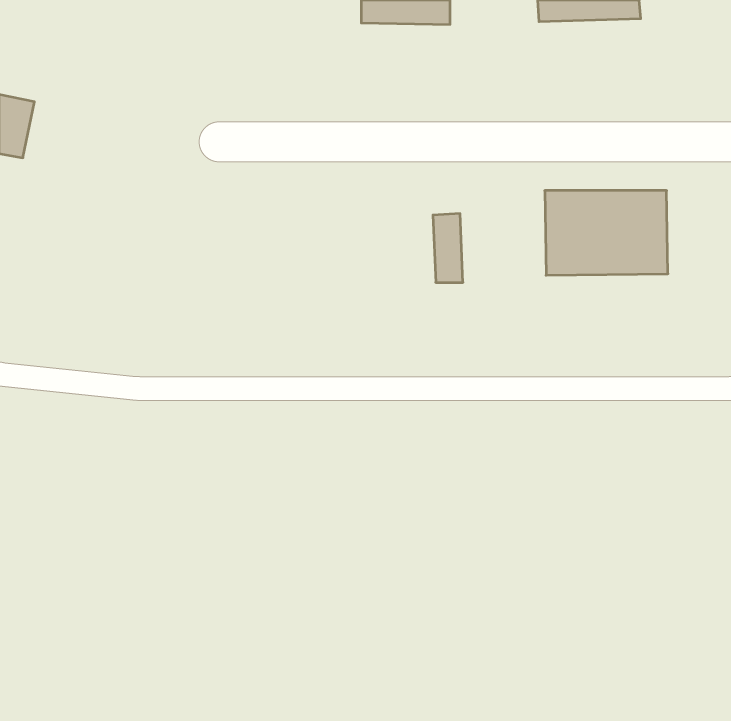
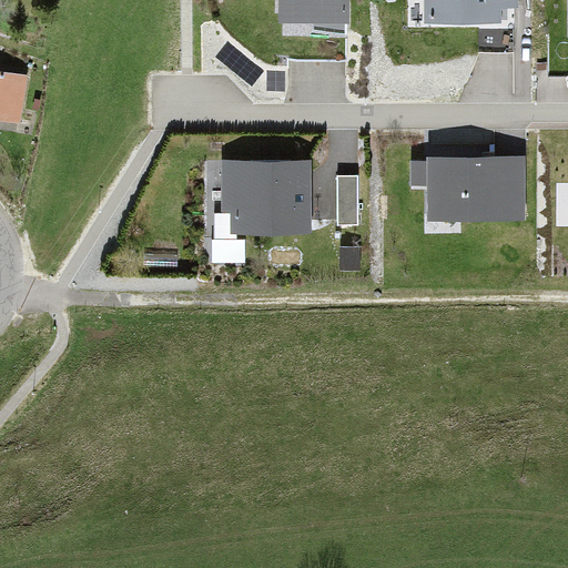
building: none -> [223,161,312,231]

